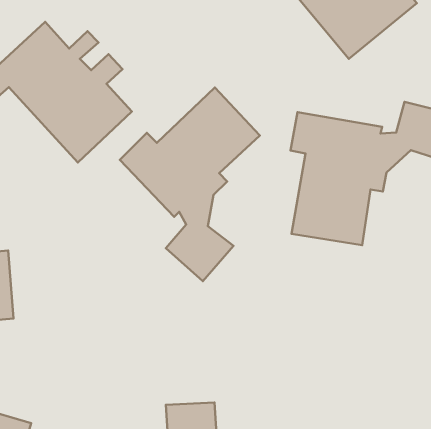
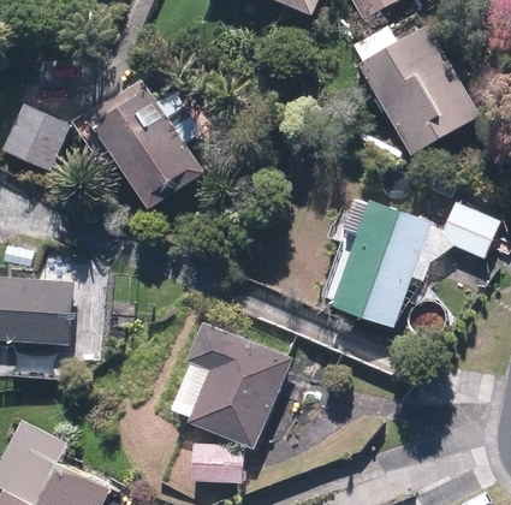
building: [120,87,260,281] -> none
building: none -> [172,322,289,450]

